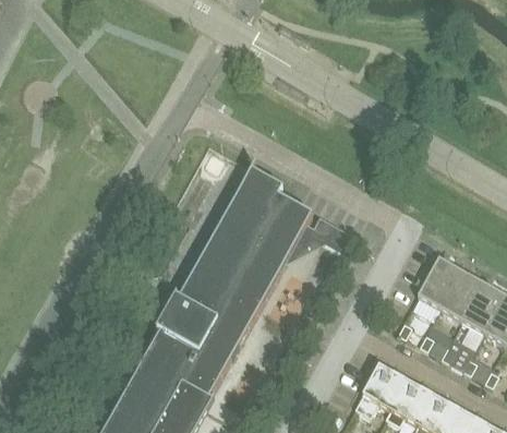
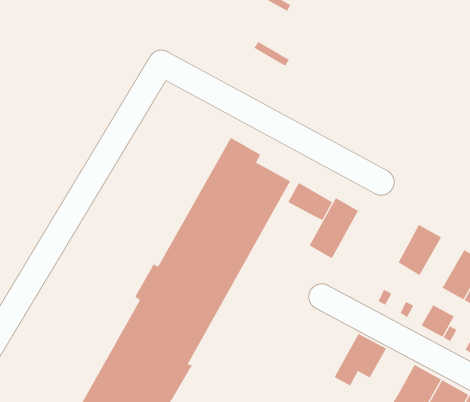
building: none -> [309,197,359,259]
building: [438,267,482,317] -> none
building: [384,377,433,423] -> none

